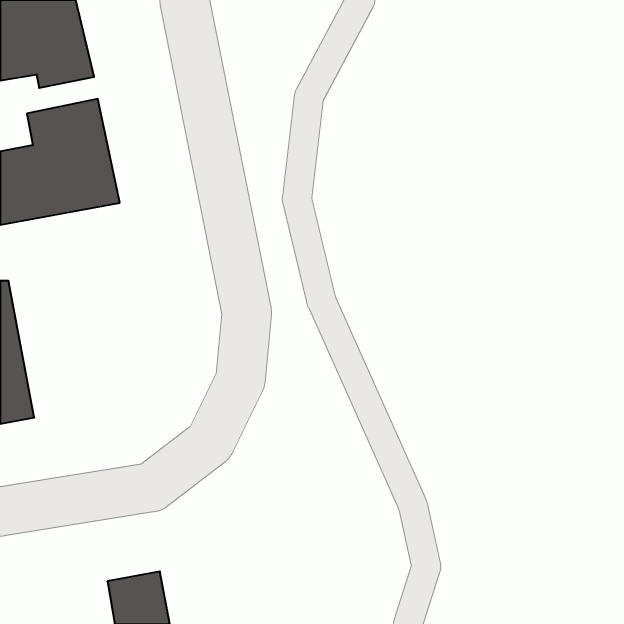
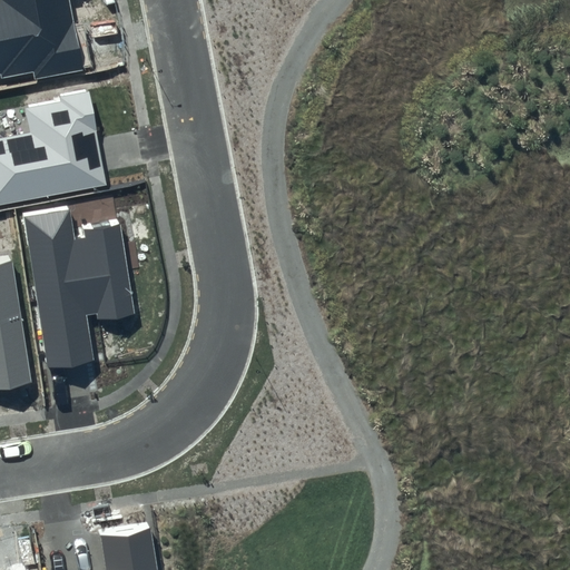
building: none -> [22,207,135,367]

